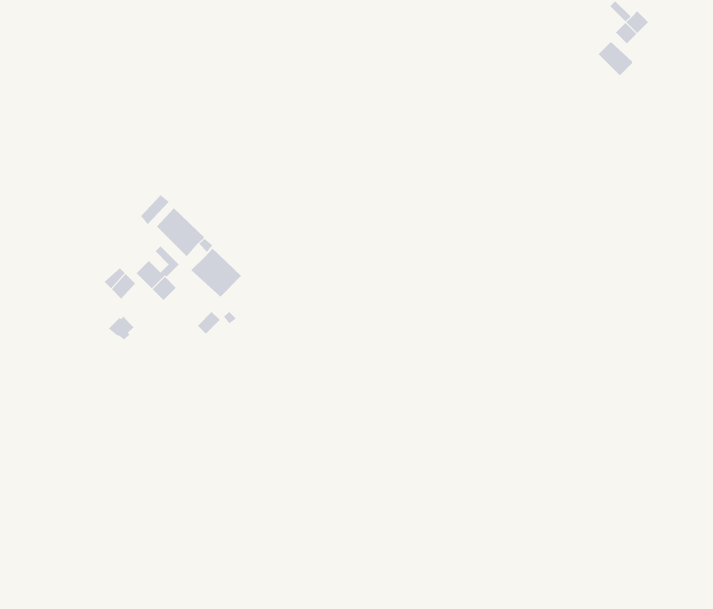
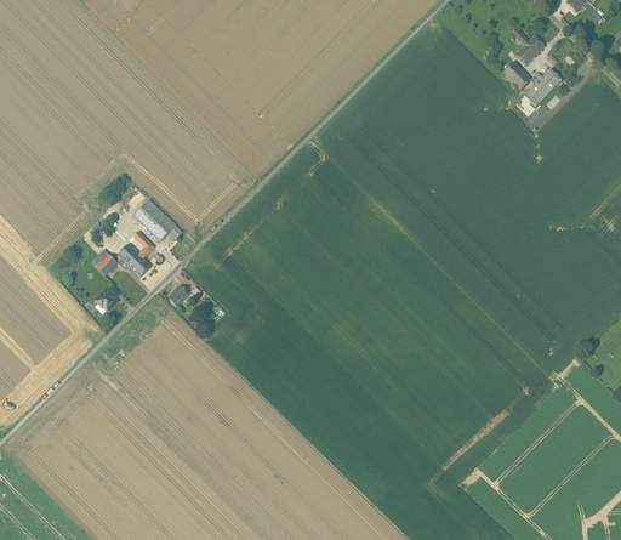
building: none -> [525,68,562,106]
building: [190,247,242,297] -> none

